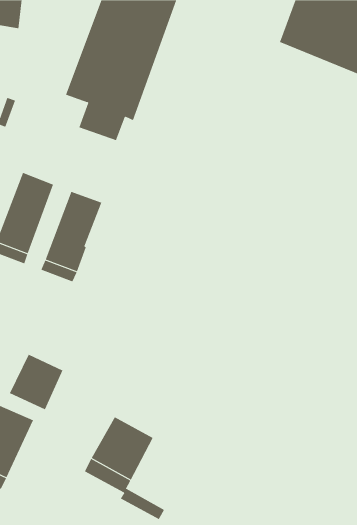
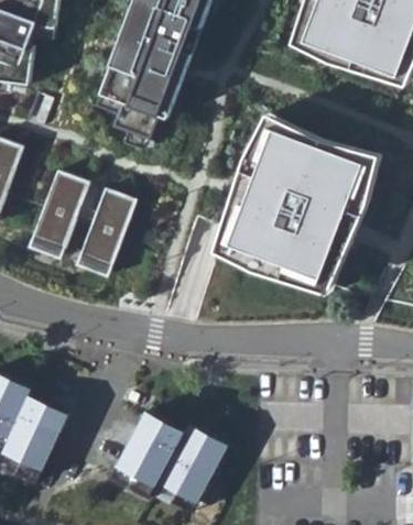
building: none -> [233,125,366,275]
building: [9,354,63,410] -> none
building: none -> [159,424,228,502]

